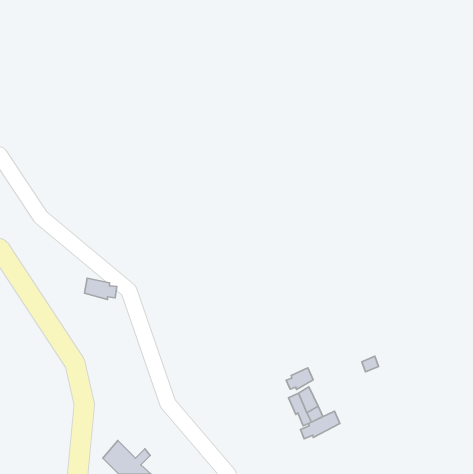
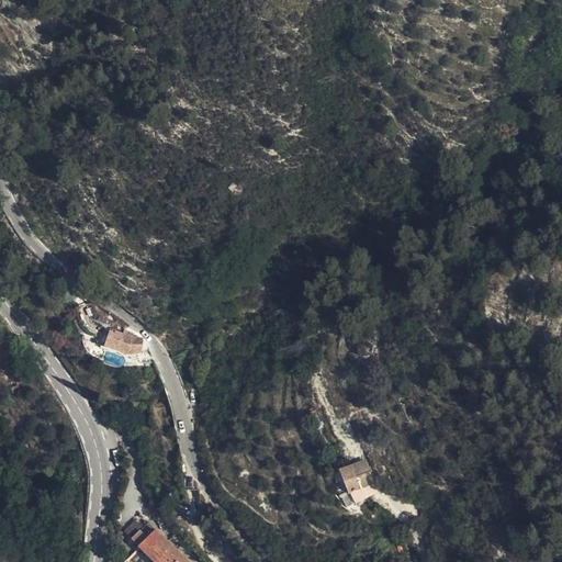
building: [286,368,313,390] -> none
building: [300,411,340,439] -> none

